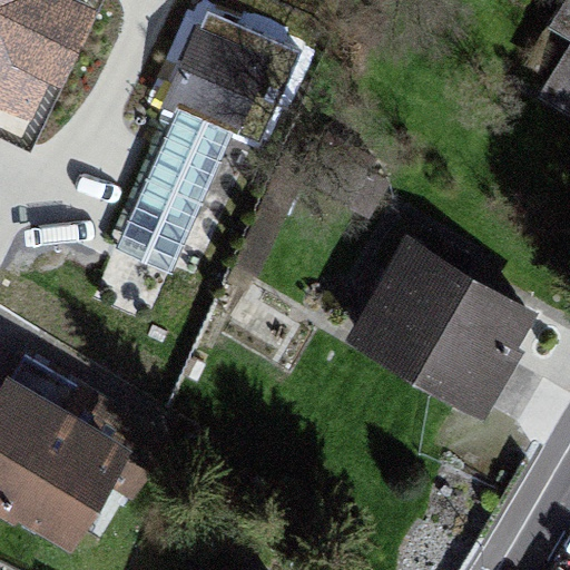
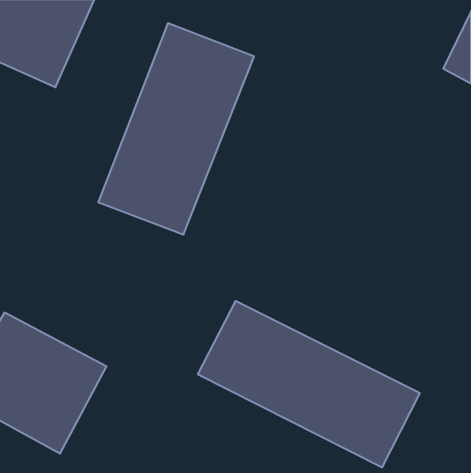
building: [350,247,529,406] -> none
building: none -> [198,301,420,468]

